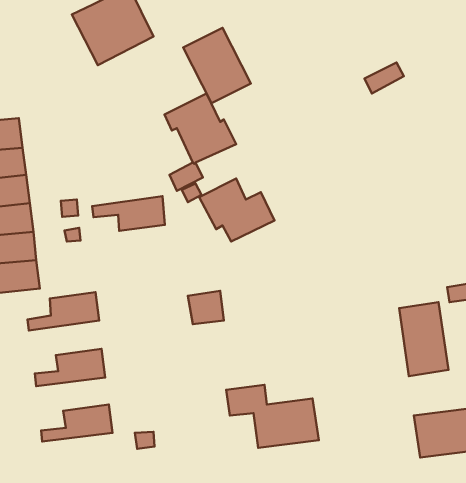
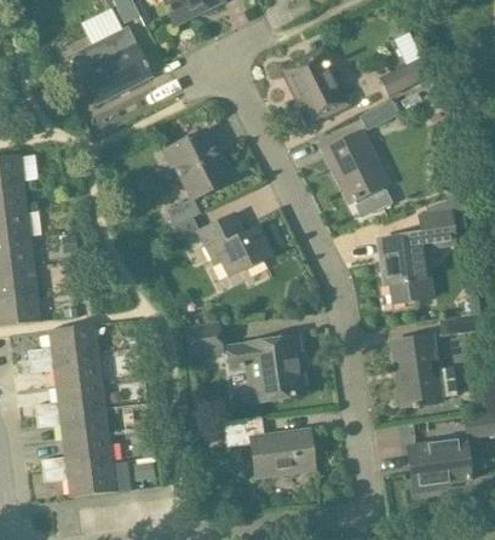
building: none -> [379,57,430,94]
building: [183,28,251,103] -> [281,48,347,122]
building: none -> [322,130,393,216]
building: none -> [379,211,449,301]
building: [92,196,165,231] -> [29,352,100,386]
building: none -> [226,335,300,401]
building: none -> [36,408,108,441]
building: none -> [42,463,115,496]

